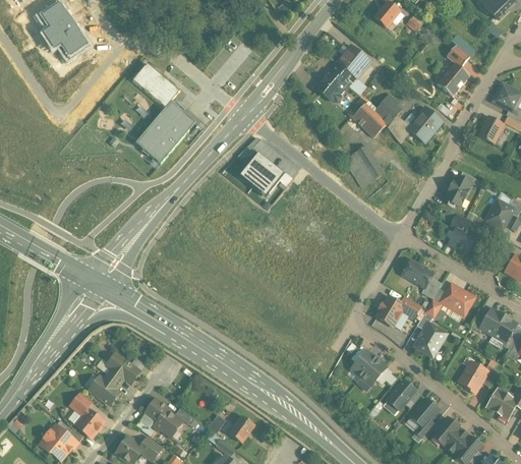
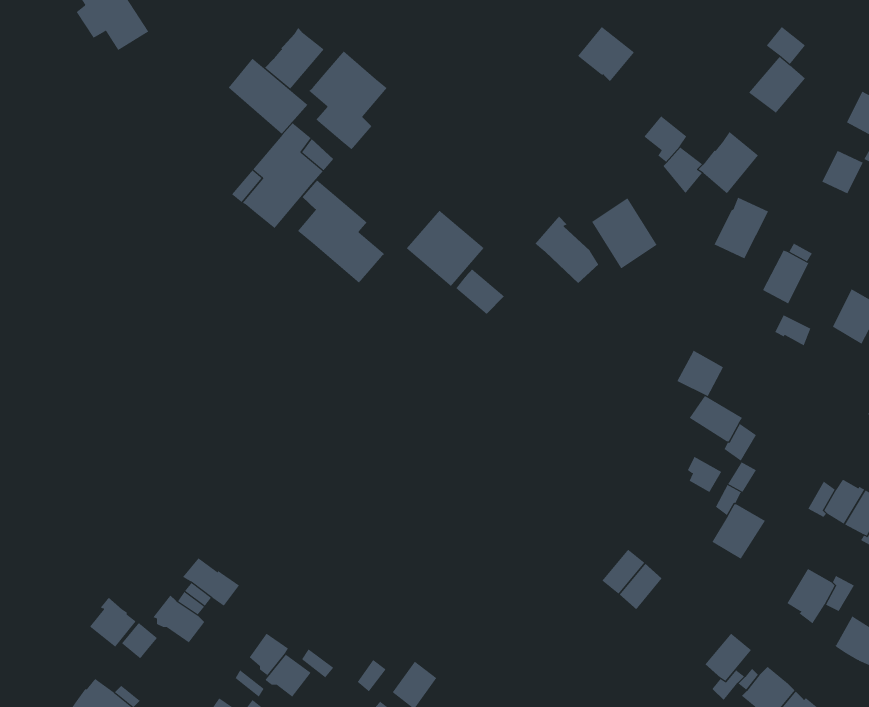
building: none -> [264,27,324,90]
building: none -> [308,51,388,150]
building: [316,62,353,101] -> none
building: [348,97,386,136] -> [534,216,599,284]
building: none -> [297,180,386,283]
building: none -> [714,197,769,259]
building: none -> [455,268,505,315]
building: [449,225,476,252] -> [677,350,724,397]
building: [442,283,474,314] -> none
building: [377,296,404,326] -> none
building: [388,380,415,409] -> none
building: [76,407,104,437] -> [89,597,136,648]

